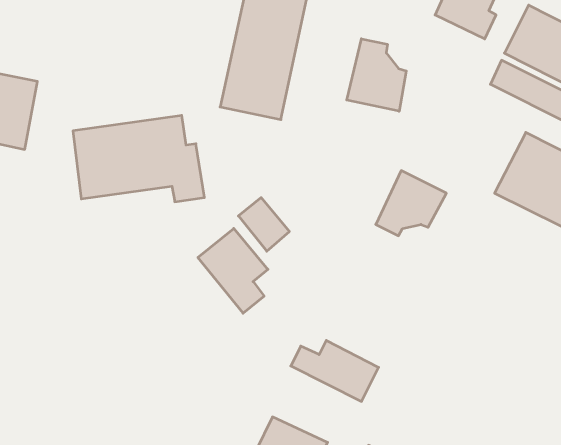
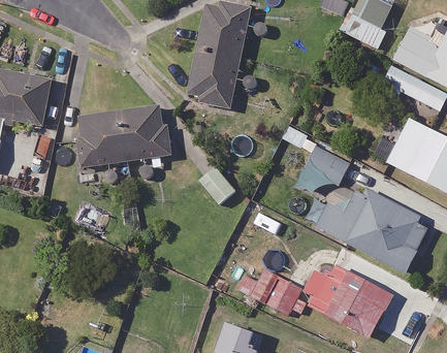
building: [347,39,406,111] -> none
building: [198,228,268,313] -> none
building: none -> [305,191,428,272]
building: none -> [301,263,392,338]

